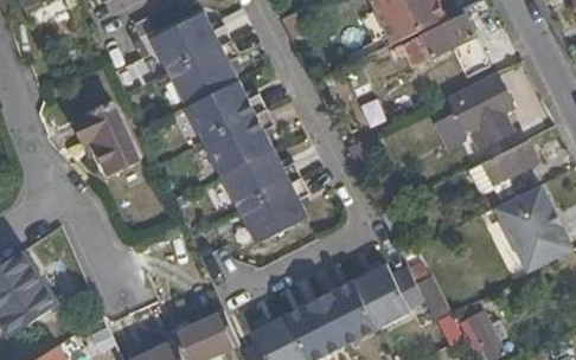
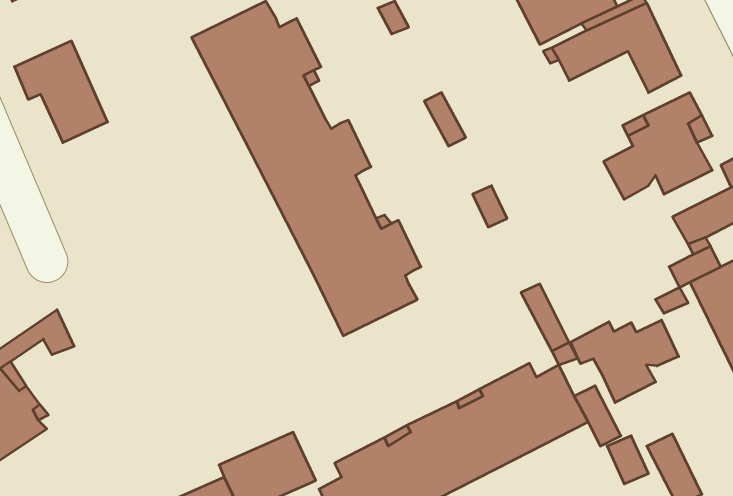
building: [73,103,137,173] -> [14,41,108,143]
building: none -> [570,320,679,403]

